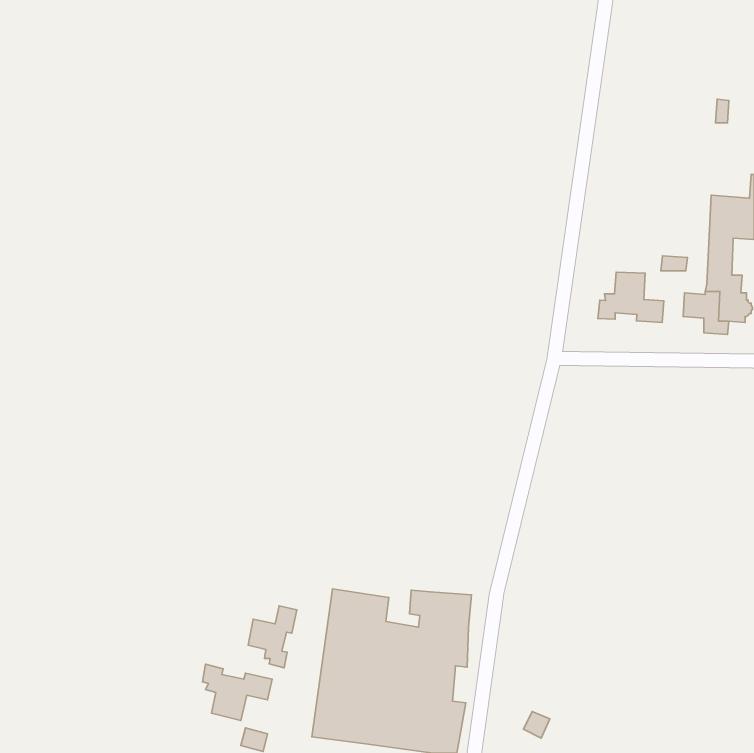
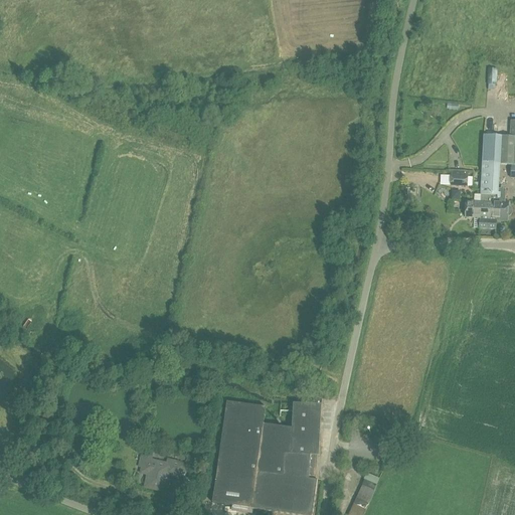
building: [598,272,664,323] -> none
building: [248,606,297,668] -> none

